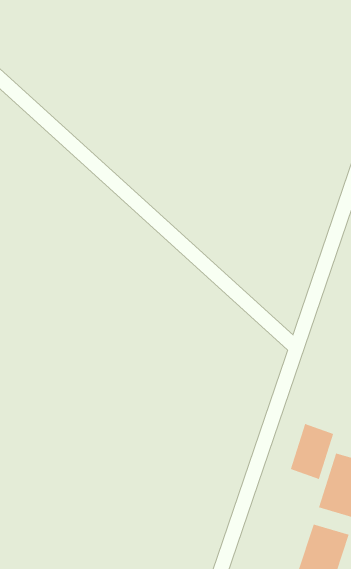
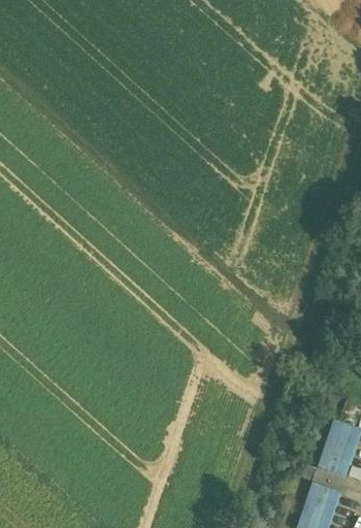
building: [290,423,334,480] -> none

